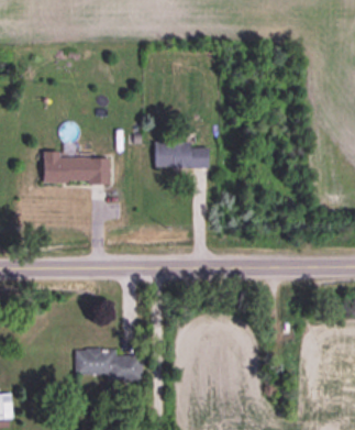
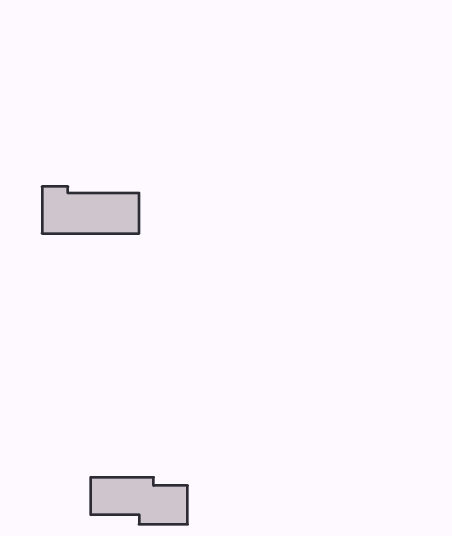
building: [155,142,209,166] -> none

